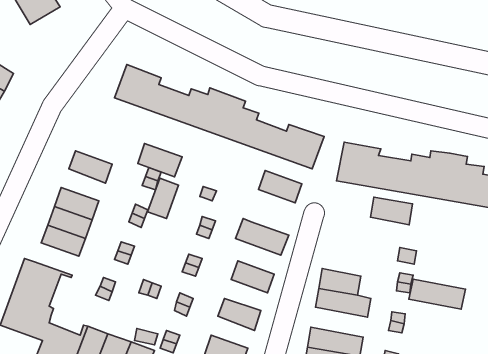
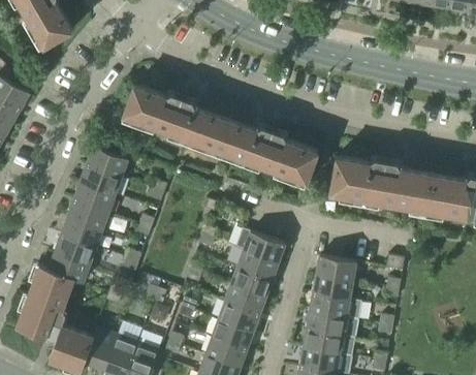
building: [138,144,182,177] -> [87,148,128,179]
building: none -> [73,183,115,213]
building: [259,171,302,203] -> [237,251,278,281]
building: [148,178,179,219] -> none
building: [370,197,413,225] -> [316,257,355,283]
building: none -> [49,252,90,282]
building: [409,279,465,309] -> [306,312,358,340]
building: none -> [225,286,265,315]
building: none -> [213,320,253,350]

